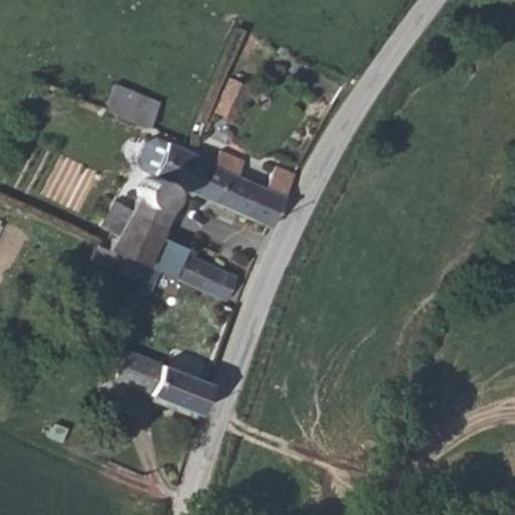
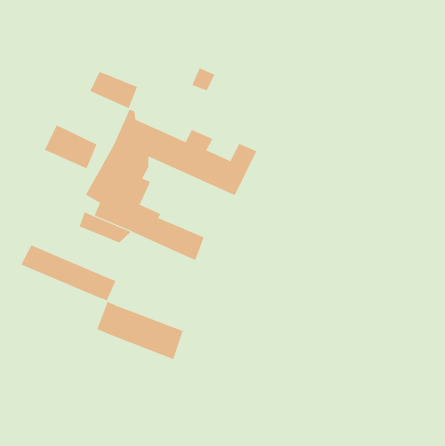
building: none -> [44,125,97,169]
building: none -> [21,244,116,301]

